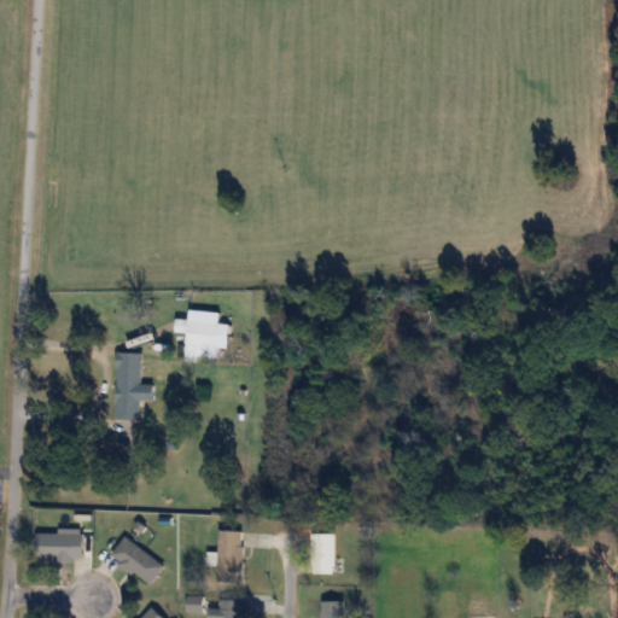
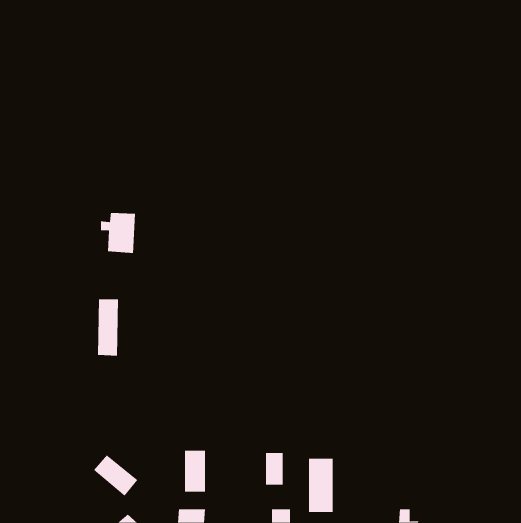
building: [176,310,218,358] -> [100,213,136,254]
building: [35,534,83,559] -> none
building: none -> [309,458,333,513]

